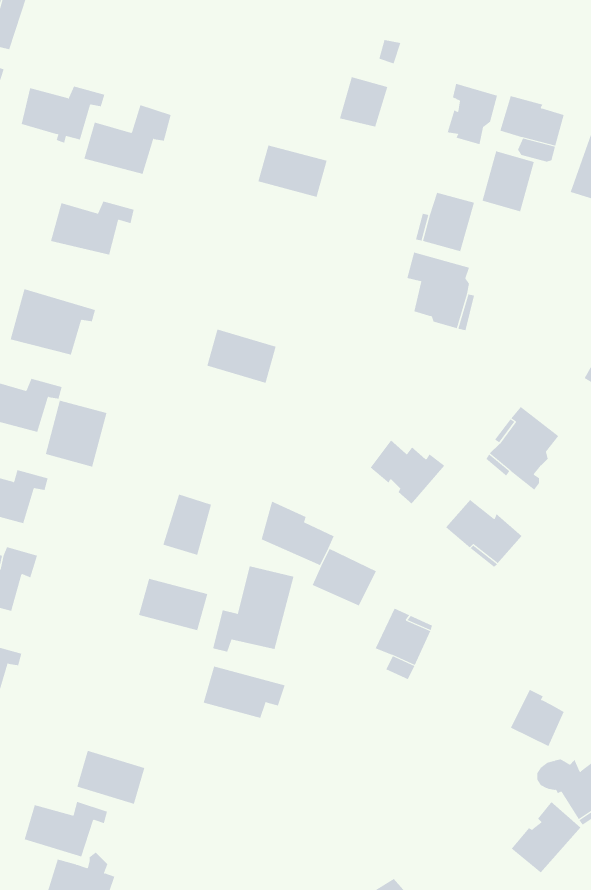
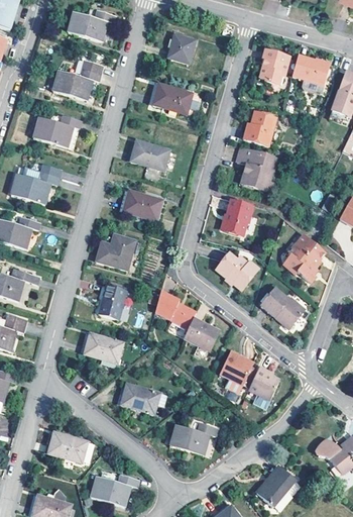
building: [339,76,388,127] -> [167,34,196,64]
building: [21,86,105,144] -> [68,11,116,44]
building: [482,151,535,212] -> none
building: none -> [130,140,170,171]
building: none -> [220,198,254,234]
building: [45,400,107,467] -> none
building: none -> [99,234,136,271]
building: [213,565,294,652] -> none
building: [510,689,565,747] -> [248,366,279,399]
building: none -> [169,423,218,455]
building: [24,801,108,857] -> [91,475,139,507]
building: [511,801,581,873] -> [255,466,296,507]

